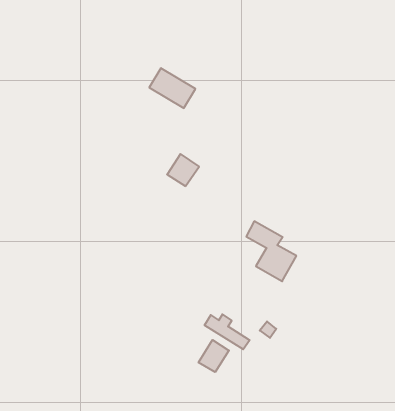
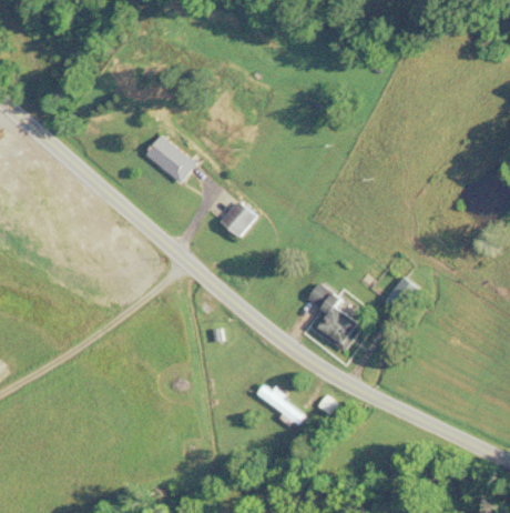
building: [149,68,195,108] -> [145,135,197,182]
building: [199,340,229,372] -> none

